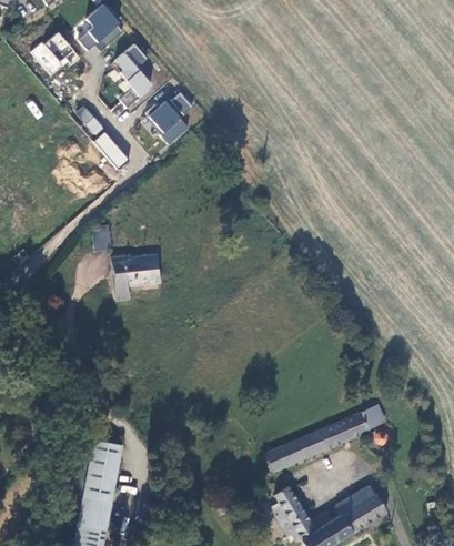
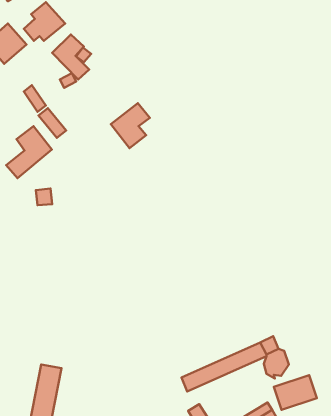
building: [147,89,193,143] -> [111,103,150,148]
building: none -> [6,126,52,178]
building: [111,254,159,299] -> none
building: none -> [274,375,317,410]

